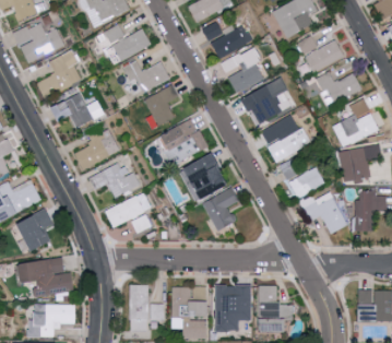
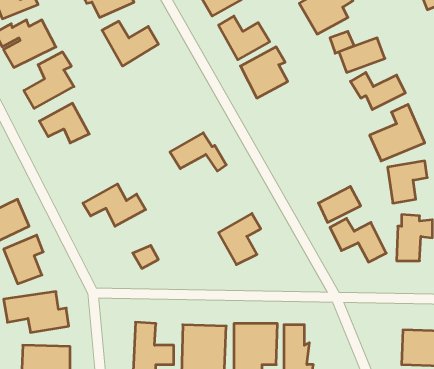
building: [122,63,169,96] -> none
building: [239,79,292,122] -> none
building: [144,87,179,128] -> none
building: [259,116,309,162] -> none
building: [73,129,109,173] -> none
building: [183,155,228,202] -> none
building: [104,196,150,230] -> none

